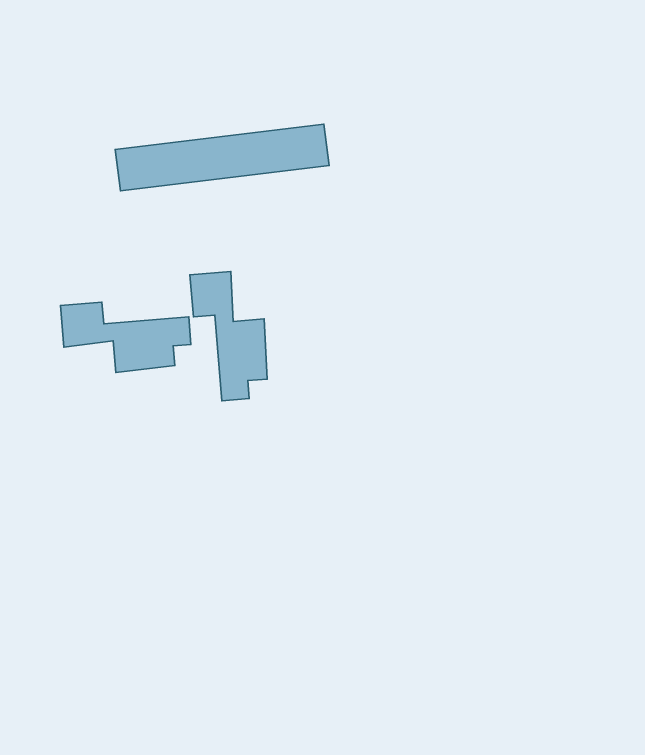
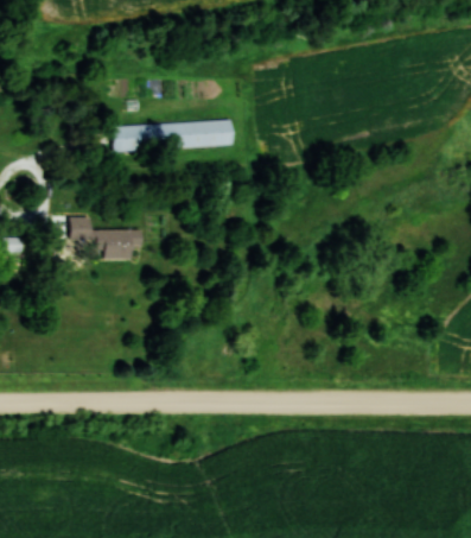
building: [190,271,267,401] -> none

